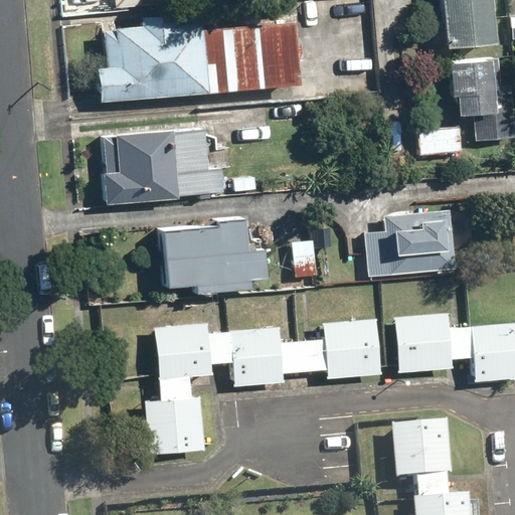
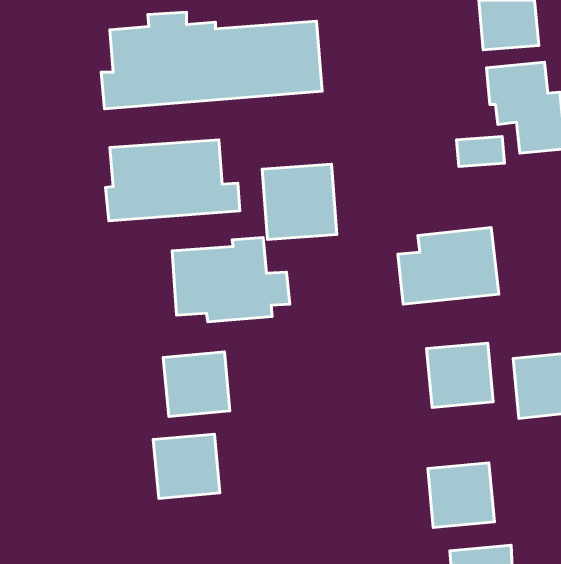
building: none -> [262,164,337,240]
building: [321,320,381,378] -> none
building: [229,327,285,386] -> none

